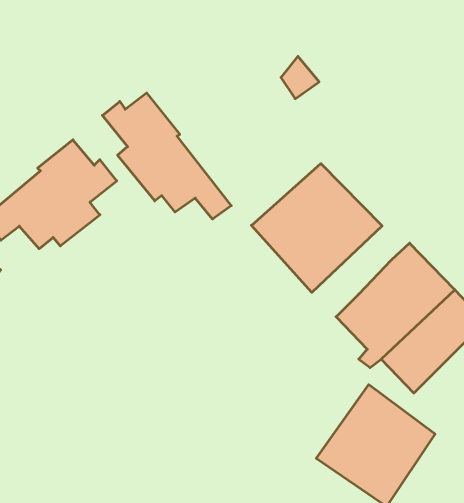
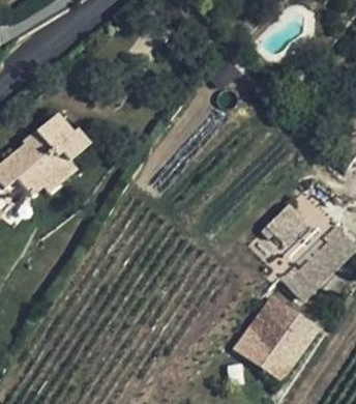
building: [102,93,231,219] -> none
building: [251,164,382,292] -> none

